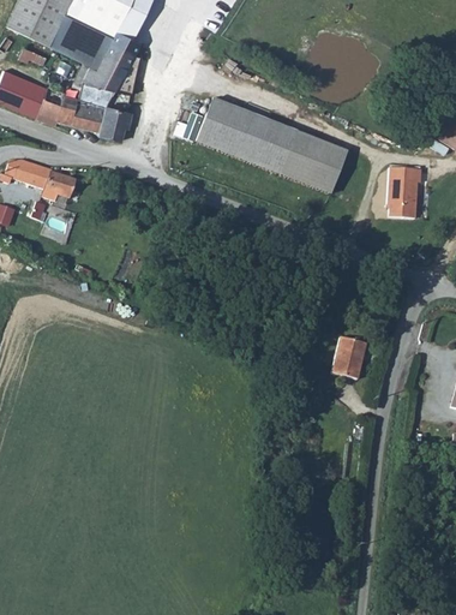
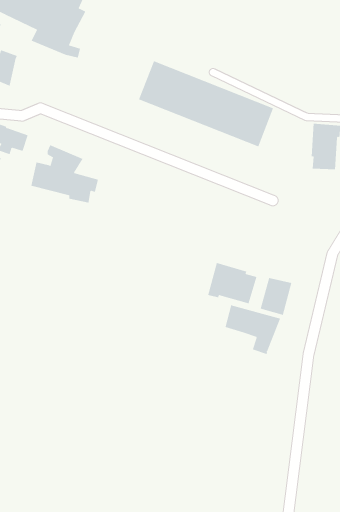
building: [56,74,132,139] -> [30,145,99,203]
building: none -> [207,262,257,304]
building: none -> [225,304,281,355]

